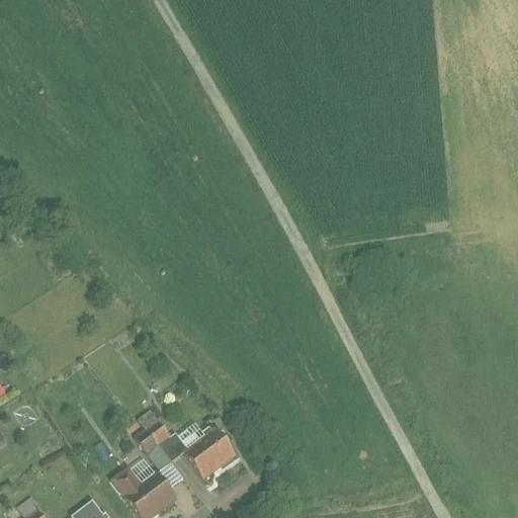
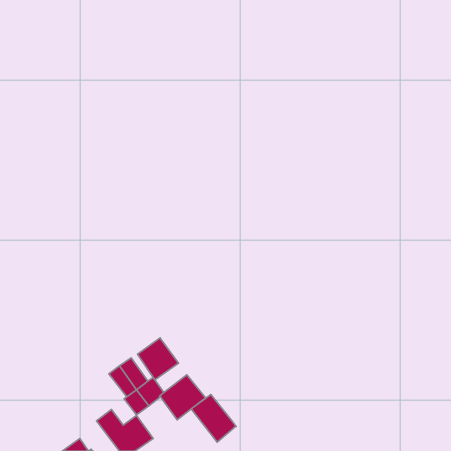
building: none -> [137,338,179,380]
building: none -> [191,394,236,442]

